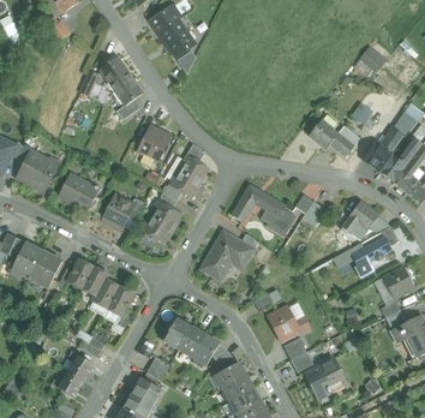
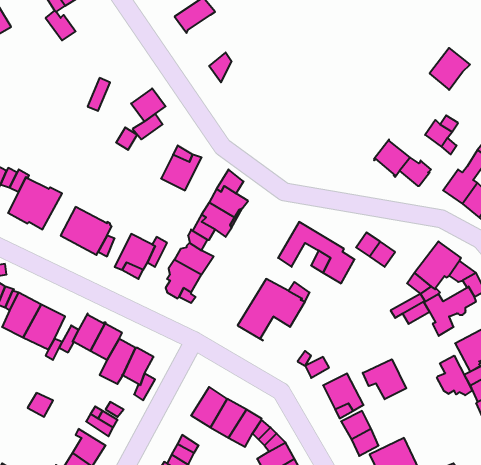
building: [160,19,193,56] -> none
building: [100,56,131,90] -> none
building: none -> [437,356,472,395]
building: none -> [363,359,406,399]

